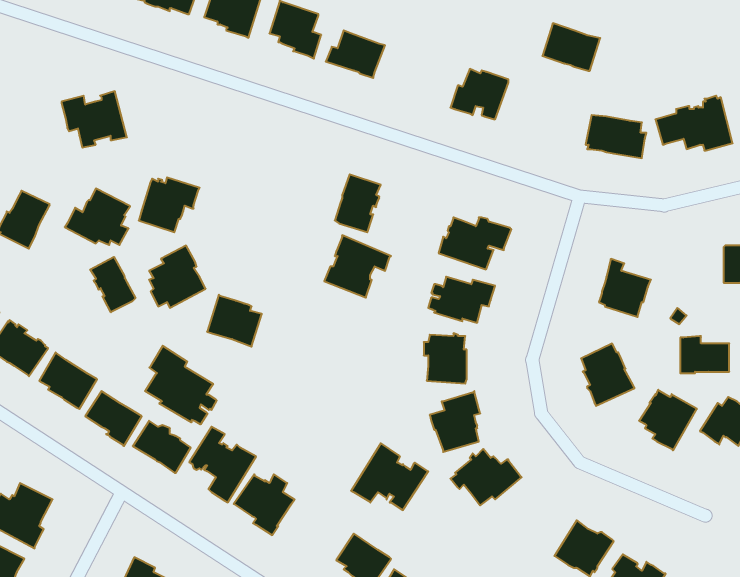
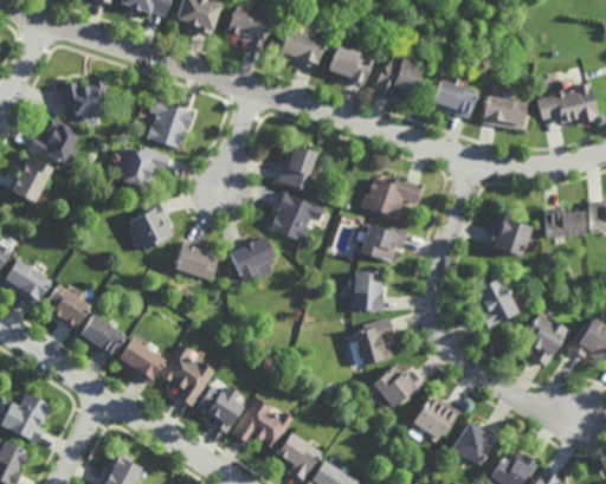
building: [542,23,600,71] -> [427,80,473,118]
building: none -> [322,46,368,85]
building: none -> [148,98,194,148]
building: [65,188,130,245] -> [27,117,79,162]
building: [90,257,135,312] -> none
building: none -> [231,234,276,283]
building: [680,336,729,373] -> [544,207,584,237]
building: [145,346,217,424] -> none
building: [351,443,428,510] -> [234,394,296,447]
building: none -> [411,392,462,443]

